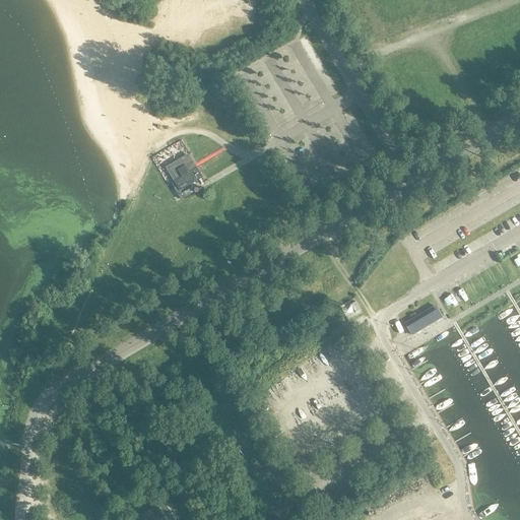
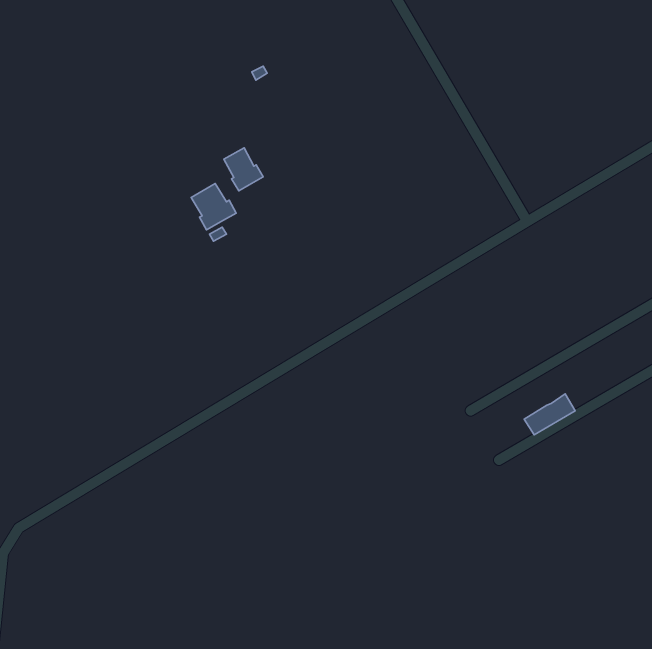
building: none -> [224,148,263,191]

